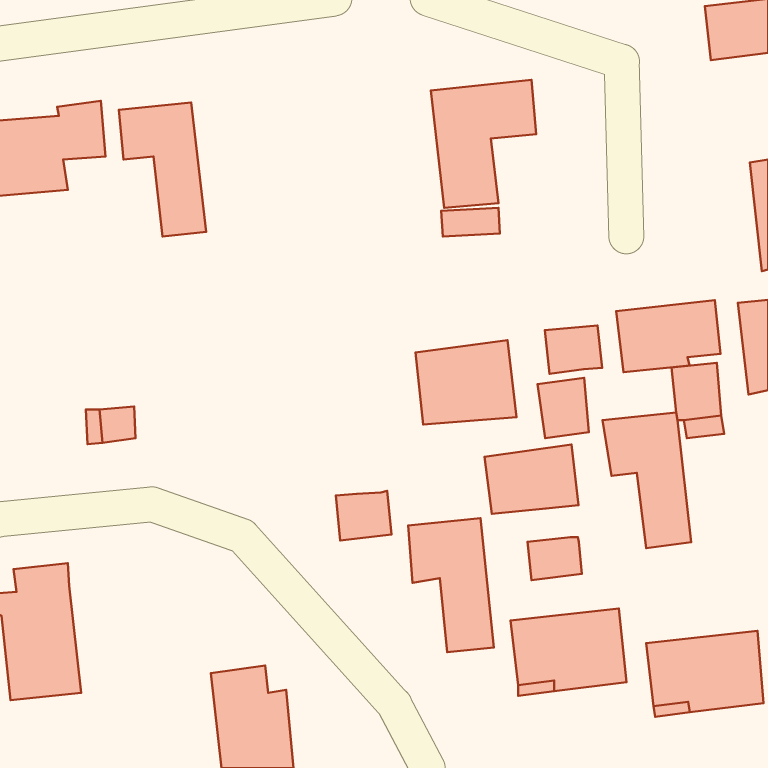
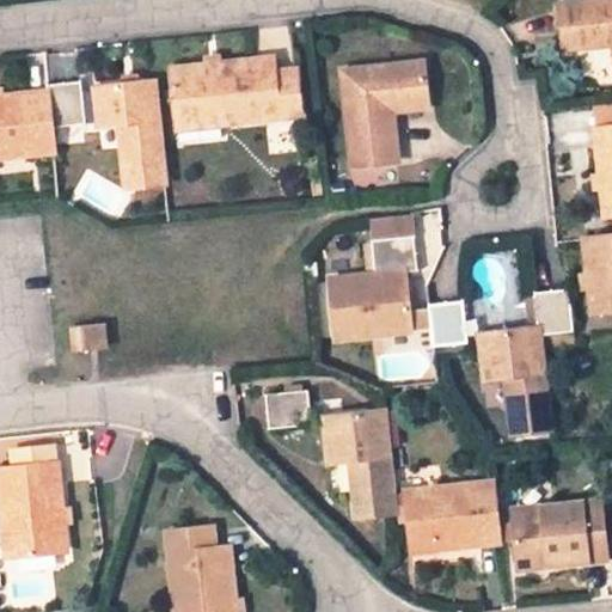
building: none -> [170,57,296,141]
building: [616,300,720,372] -> none
building: [545,326,602,374] -> [372,235,417,274]
building: [485,444,578,514] -> none
building: [527,537,582,580] -> none

